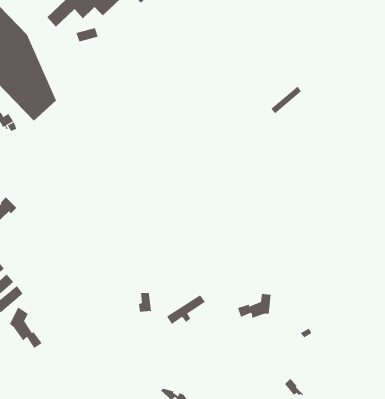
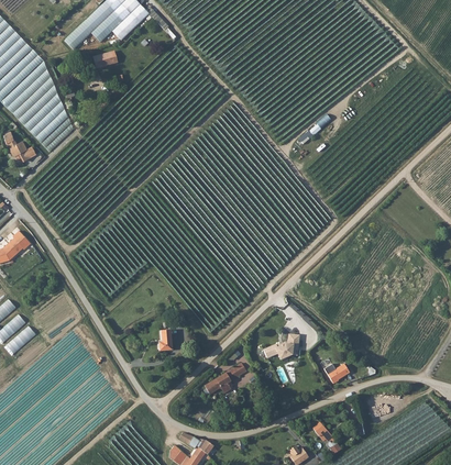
building: [166,295,206,325] -> [205,363,246,395]
building: [9,306,42,349] -> none

